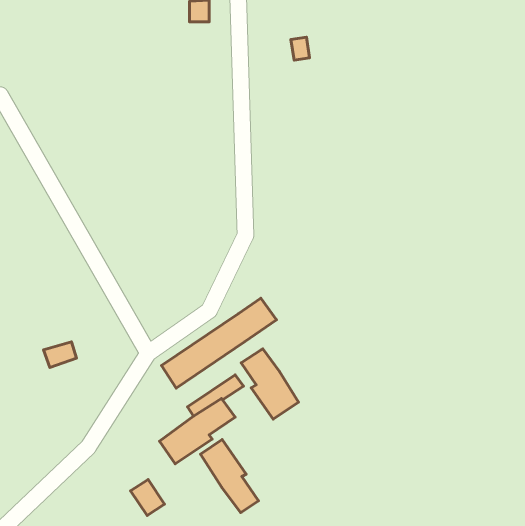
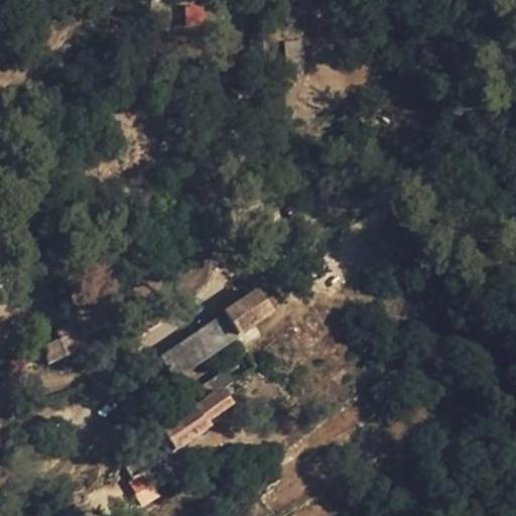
building: [241,349,298,419] -> none
building: [201,439,259,513] -> none

